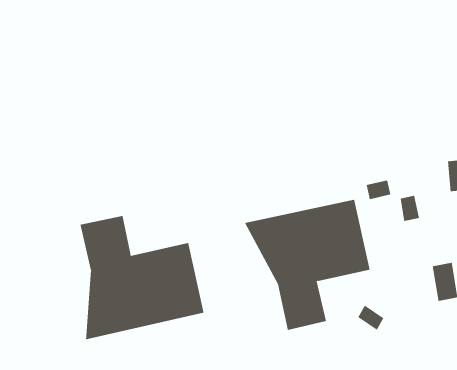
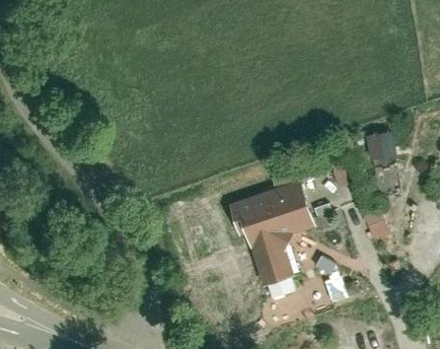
building: [80,215,204,340] -> none

